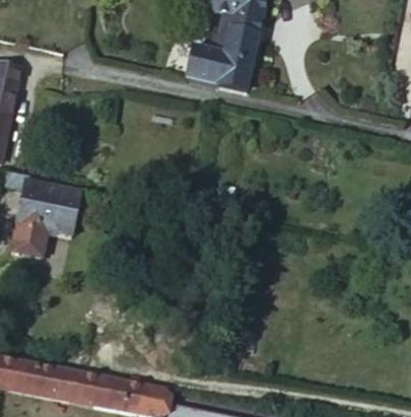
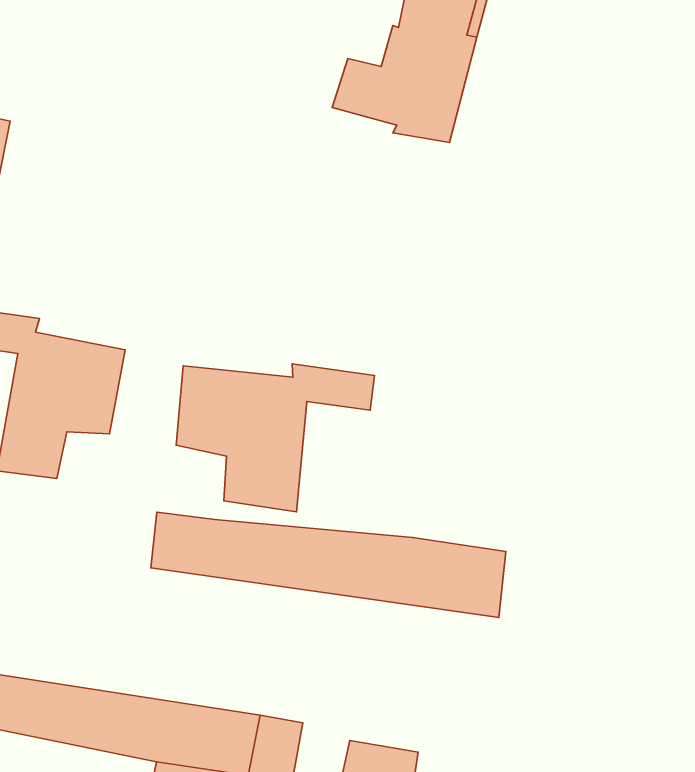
building: none -> [176,364,375,512]
building: none -> [151,512,506,618]

